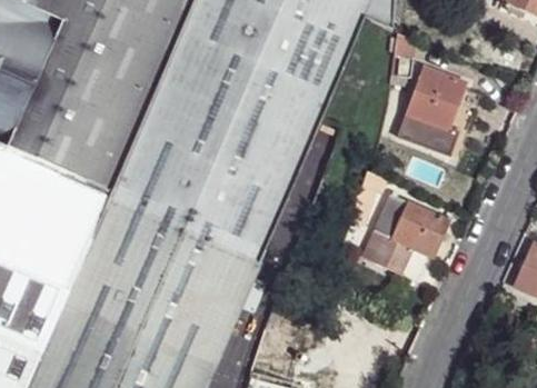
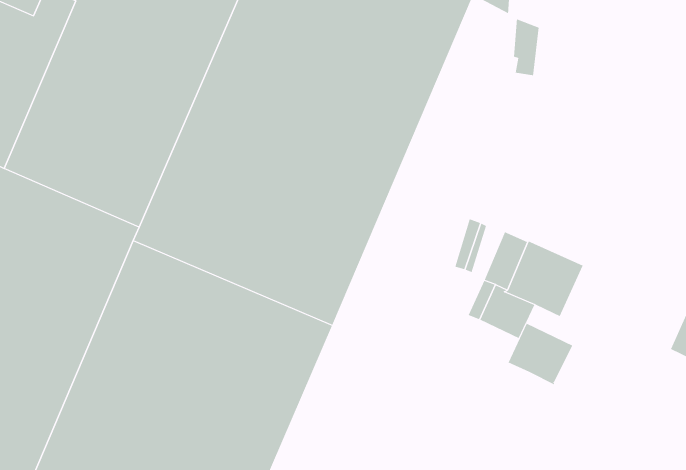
building: [395,64,464,152] -> none
building: none -> [508,323,574,385]

